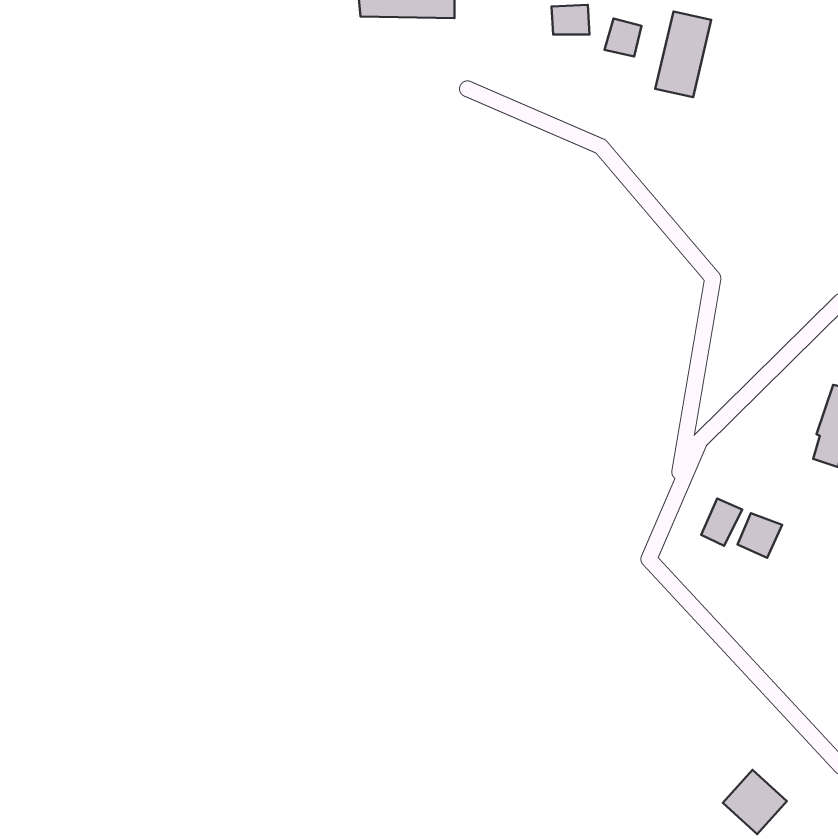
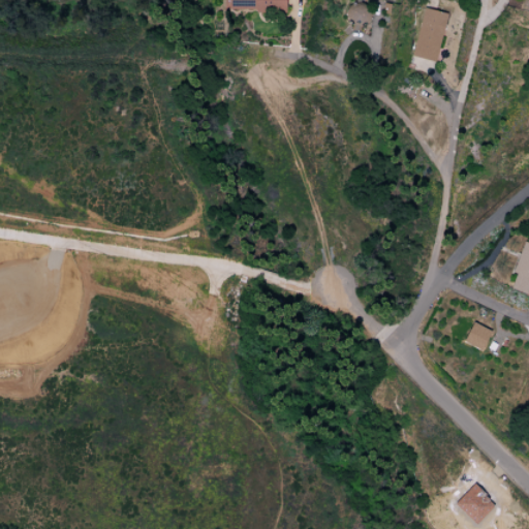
building: [604,19,642,57] -> none
building: [701,498,742,546] -> none

